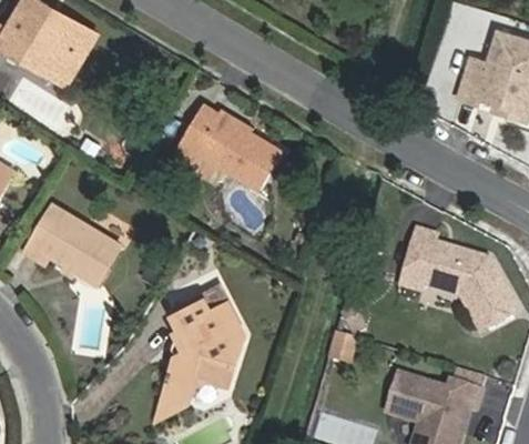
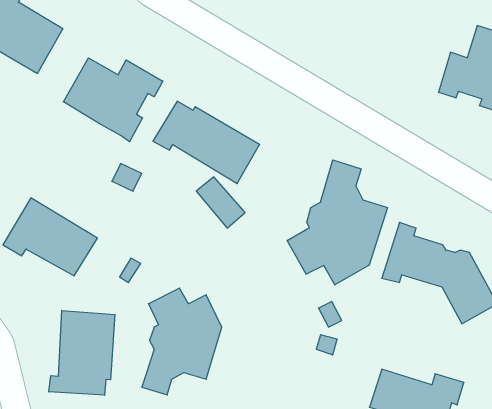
building: none -> [63,58,163,142]
building: none -> [287,160,388,285]
building: none -> [49,310,115,395]

